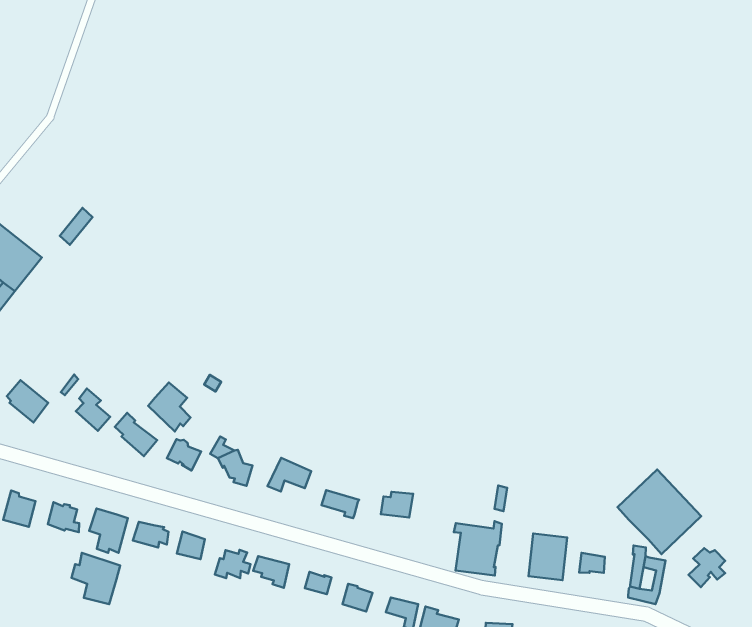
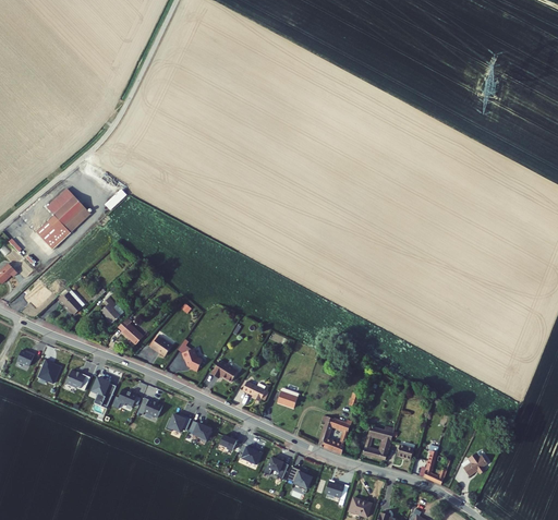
building: [148,382,191,431] -> none
building: [617,469,701,554] -> none
building: [72,553,120,604] -> none

